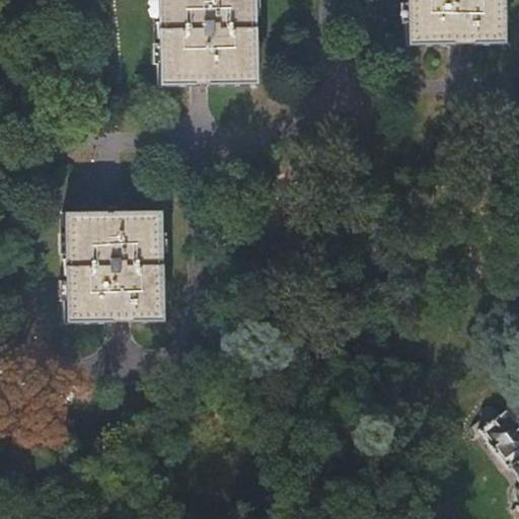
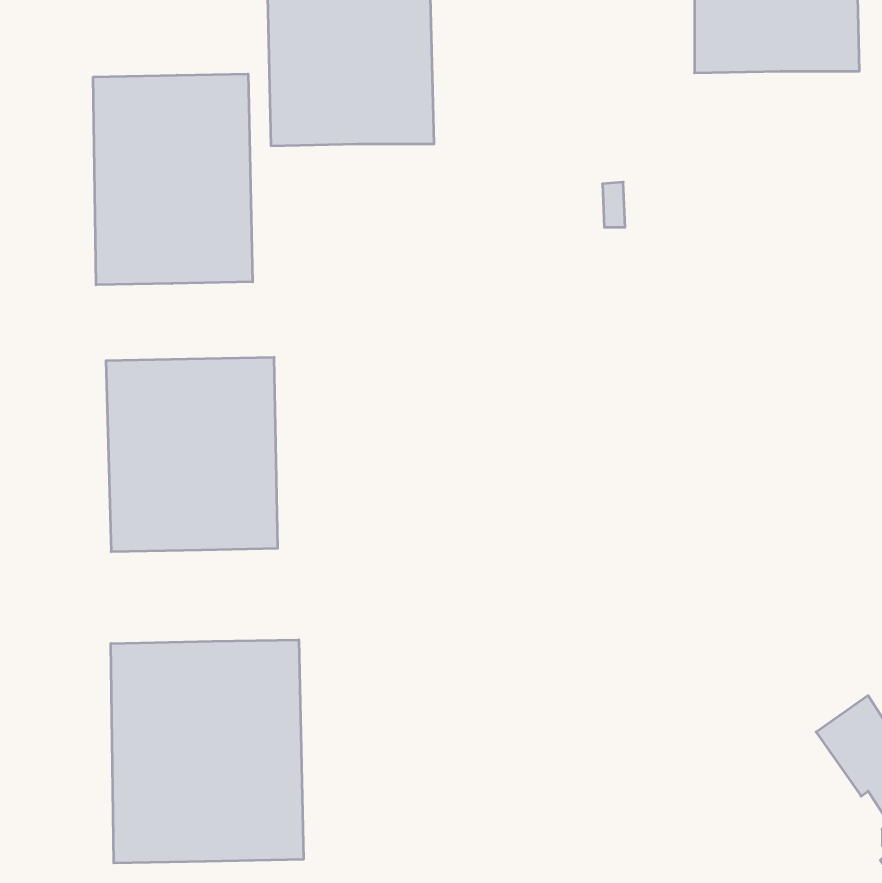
building: none -> [93,74,253,285]
building: none -> [111,640,303,863]

